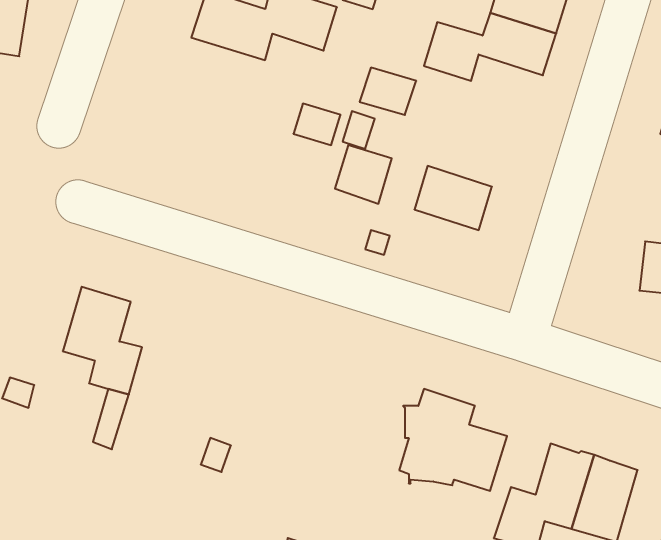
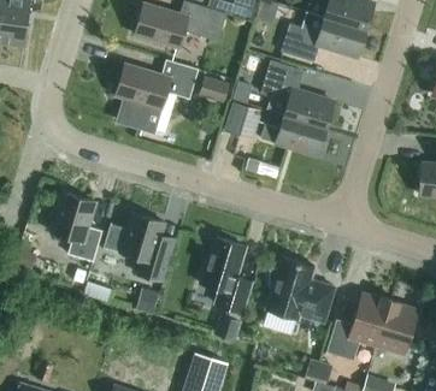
building: none -> [116,59,199,134]
building: none -> [275,84,334,128]
building: none -> [120,212,171,280]
building: none -> [200,236,252,339]

